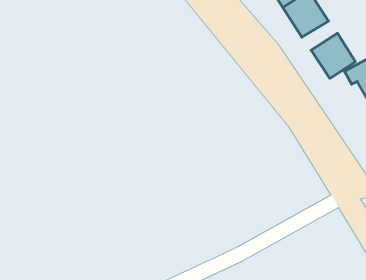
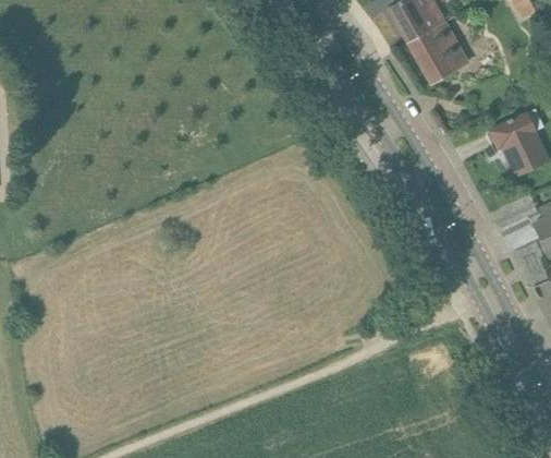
building: [311,33,355,78] -> none

